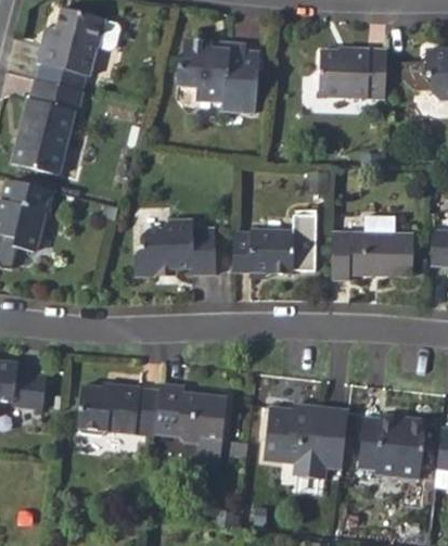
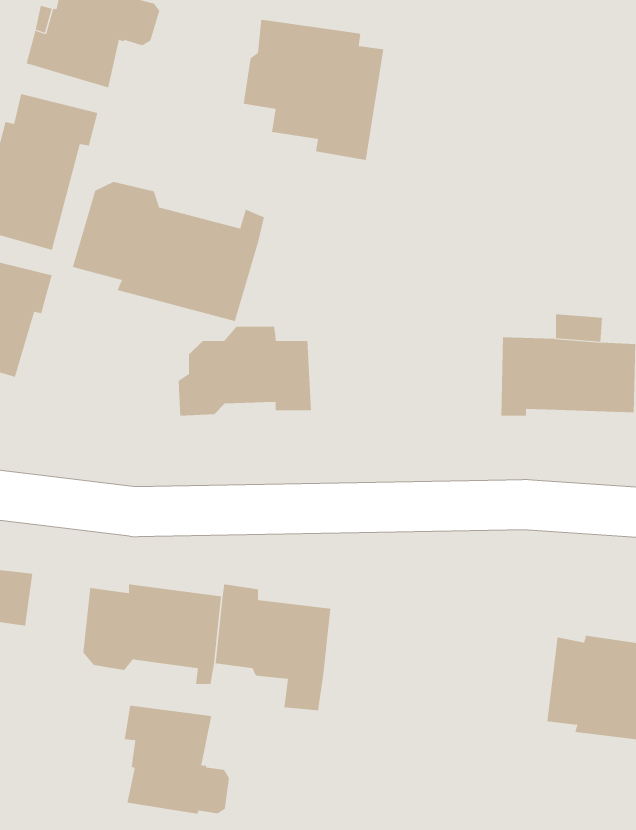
building: [312,47,386,98] -> none
building: none -> [72,181,264,322]
building: [232,215,313,276] -> none
building: [264,403,348,475] -> none
building: none -> [124,705,230,814]

